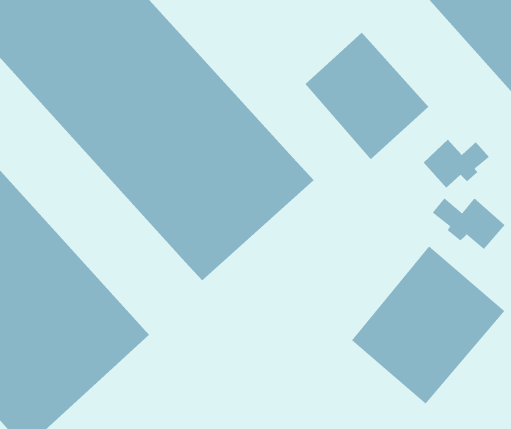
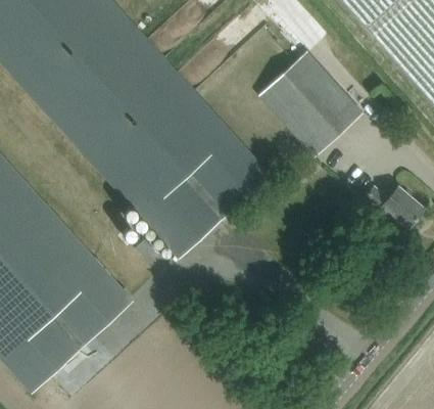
building: [423,139,490,188] -> none
building: [351,245,505,405] -> none

